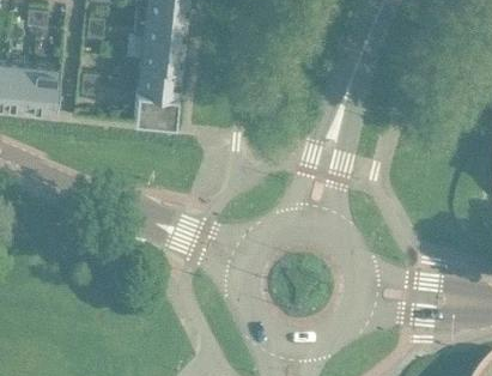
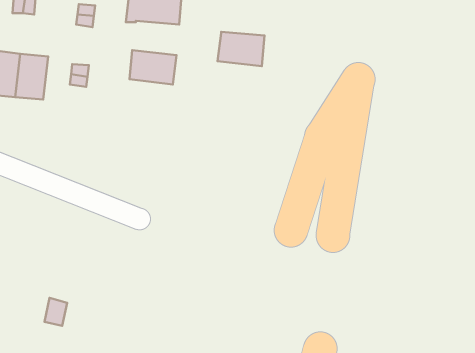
building: [138,38,182,71] -> [217,32,264,66]
building: [133,93,176,126] -> none

